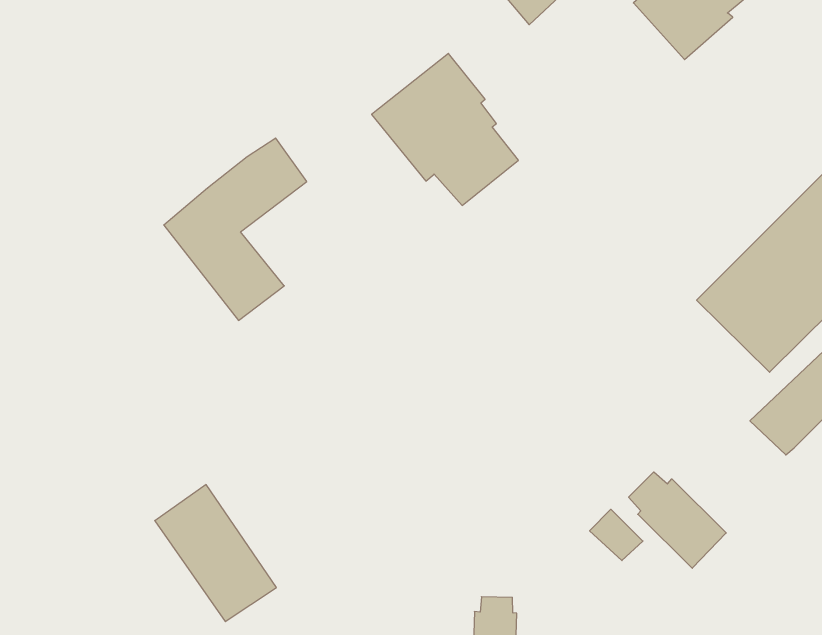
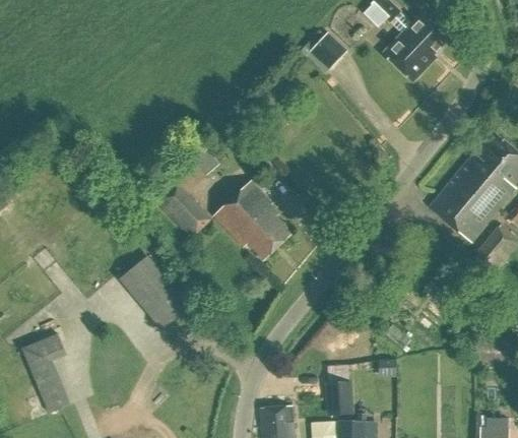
building: [372,53,518,205] -> [214,181,294,260]
building: [629,472,726,568] -> none
building: [155,485,276,622] -> [123,256,190,327]

